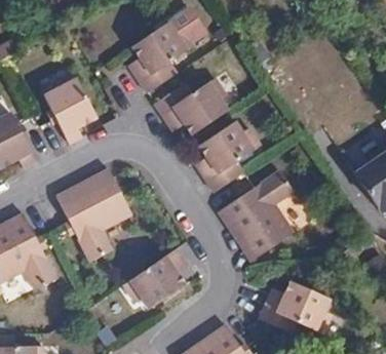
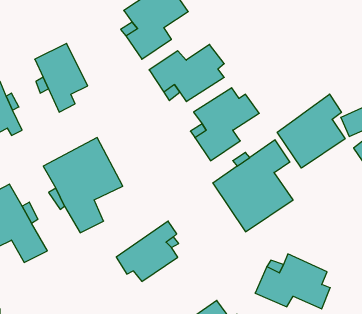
building: none -> [277,94,345,168]

